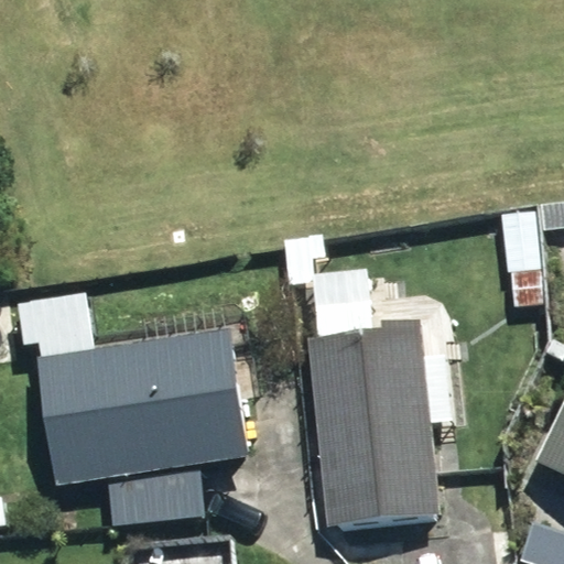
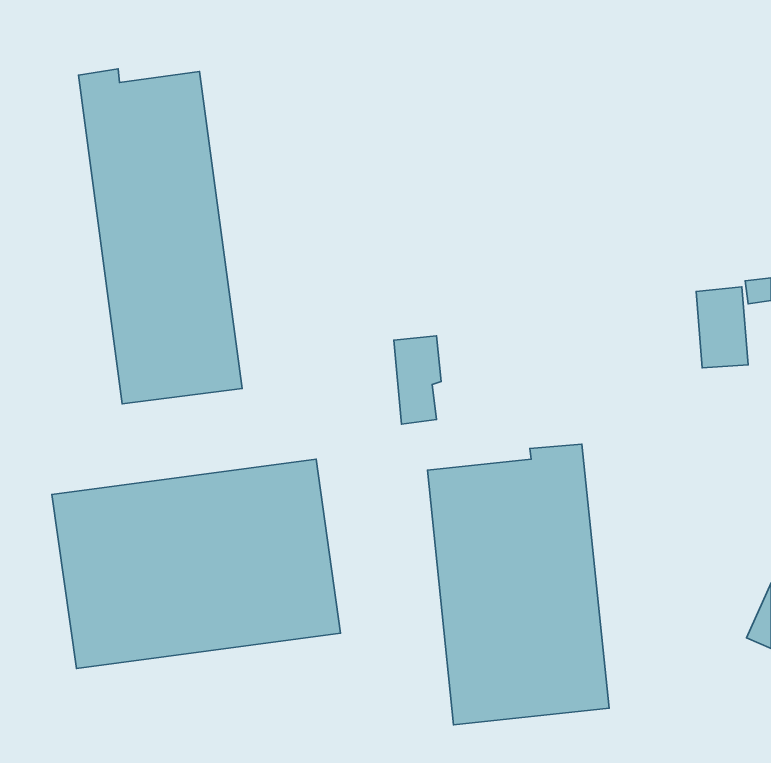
building: none -> [78,69,242,404]

